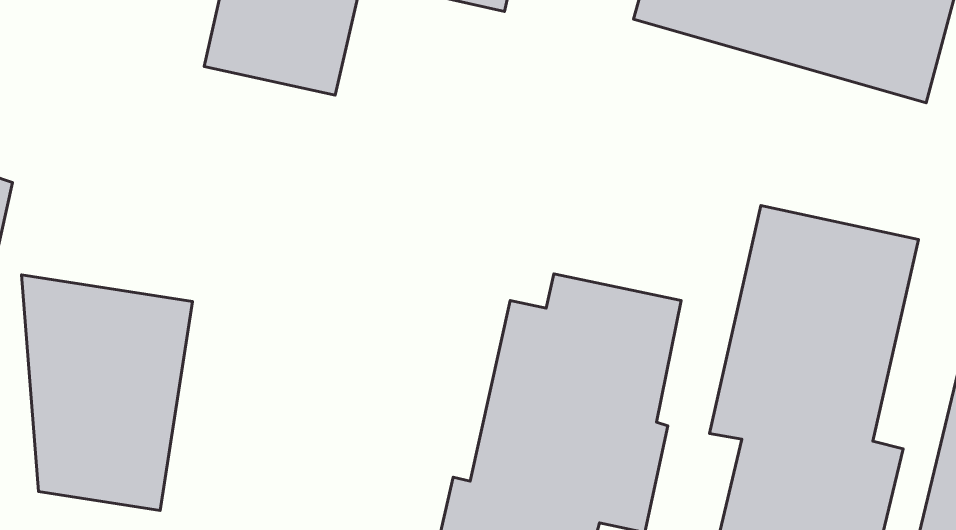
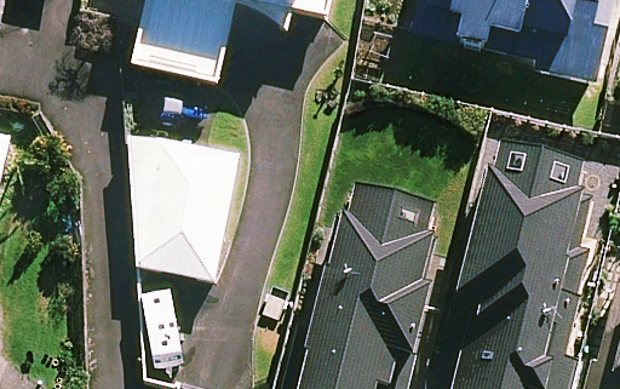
building: [22,275,193,511] -> [128,127,237,278]

